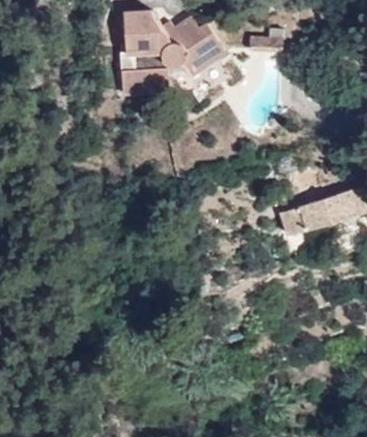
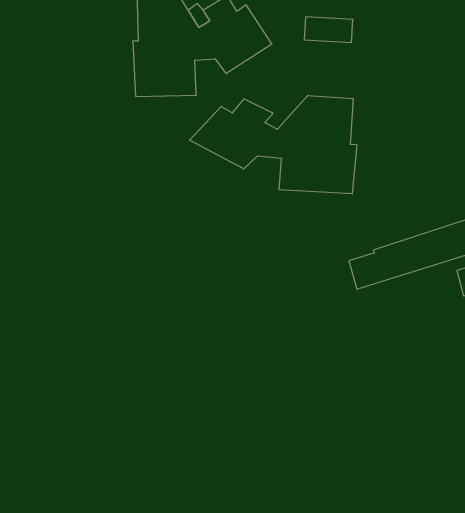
building: none -> [190,95,357,194]

